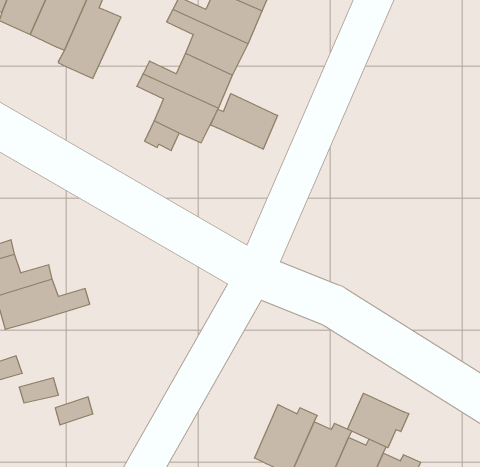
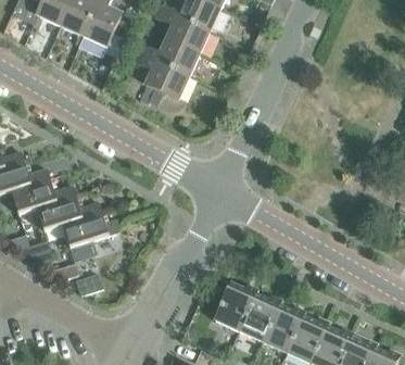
building: [211,94,278,149] -> none
building: none -> [62,213,118,259]
building: [347,393,409,448] -> none

